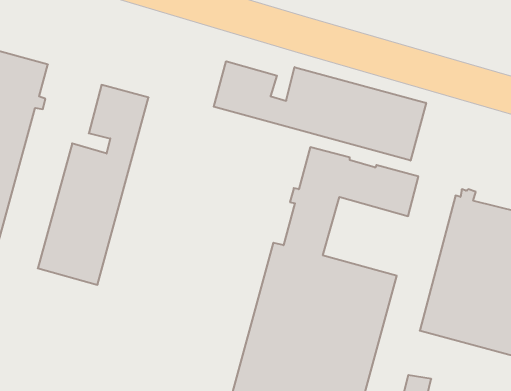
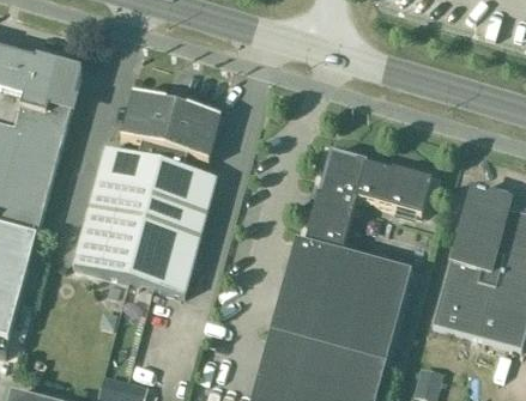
building: [214,61,426,161] -> none
building: none -> [129,101,220,292]

